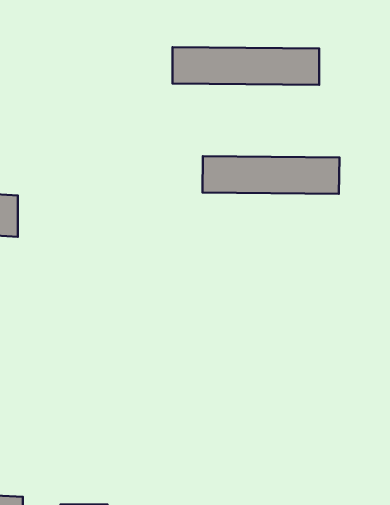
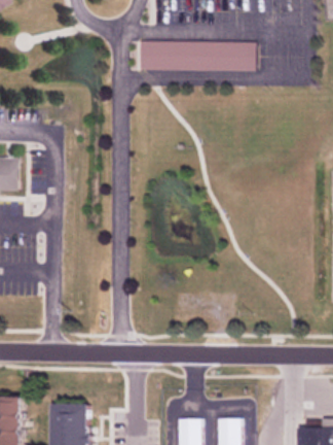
building: [202,156,340,194] -> none

